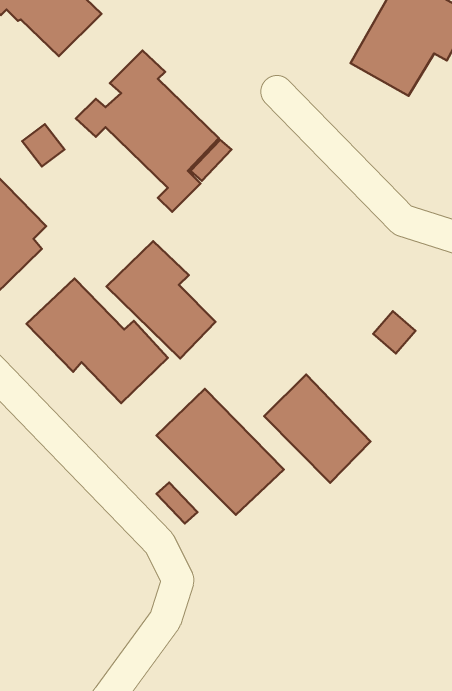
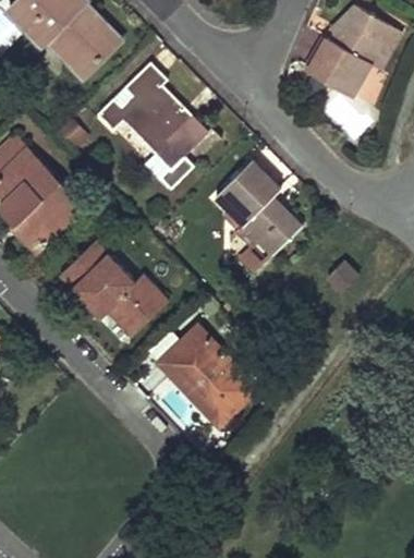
building: [107,241,216,359] -> [215,165,299,255]
building: [264,375,371,483] -> none

